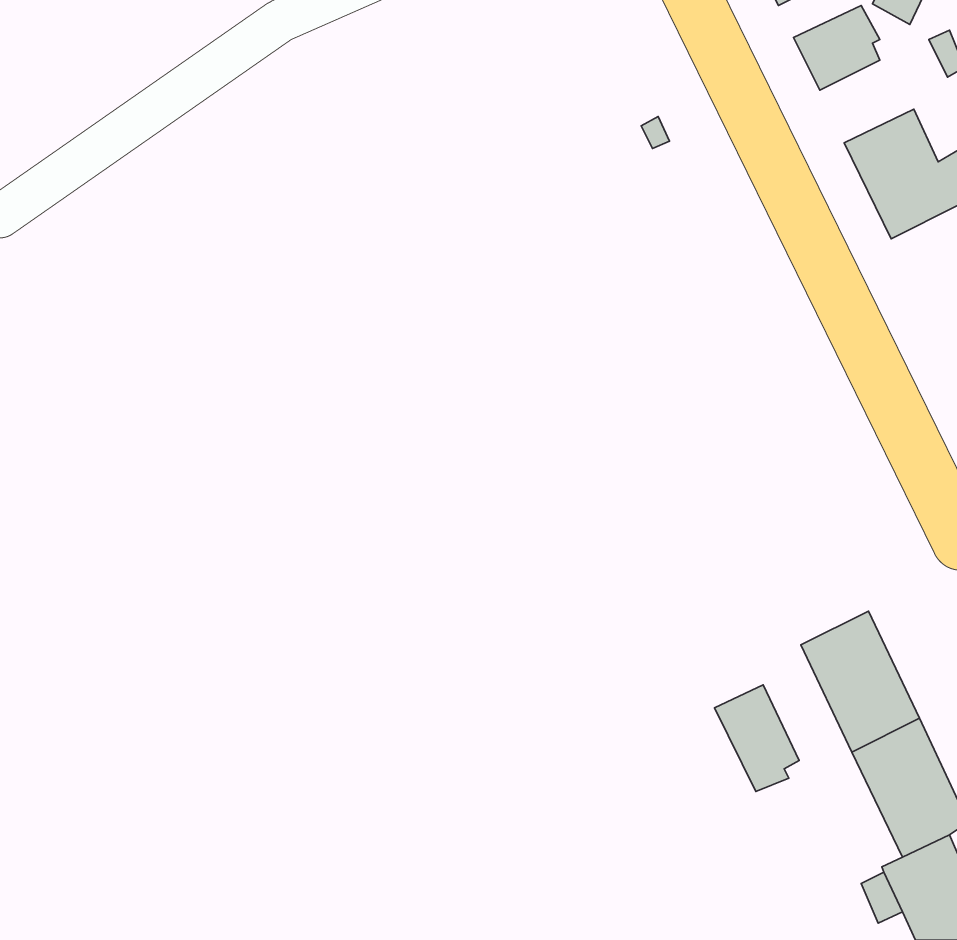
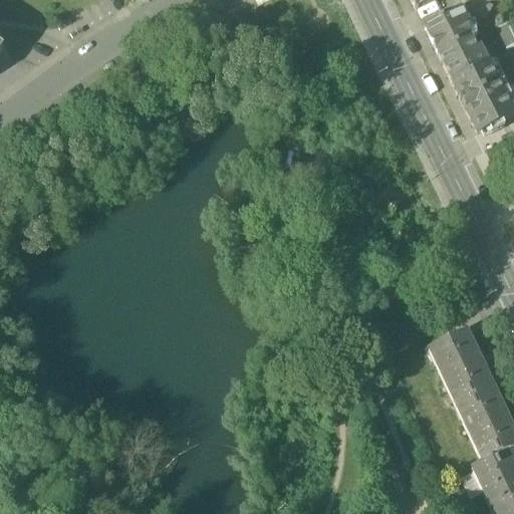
building: none -> [440,32,490,76]
building: [714,685,799,792] -> none

